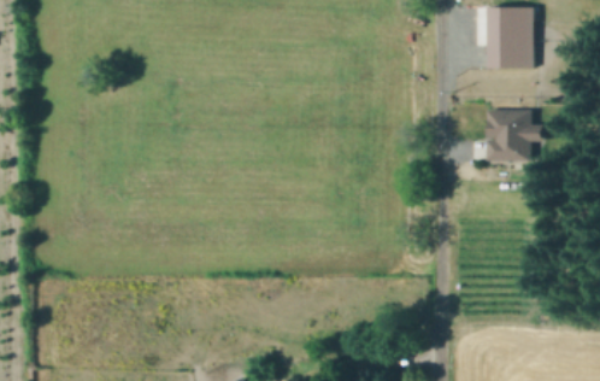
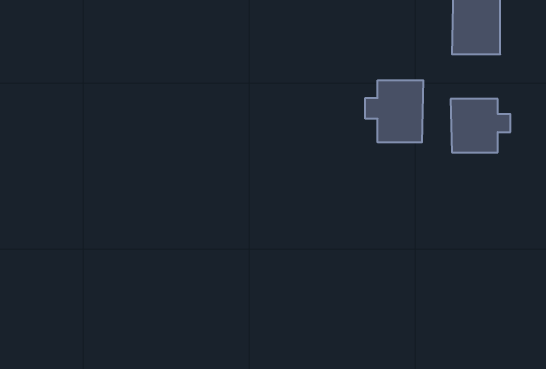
building: none -> [365,80,423,142]

